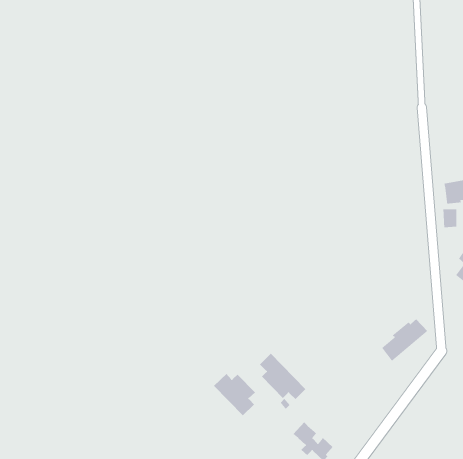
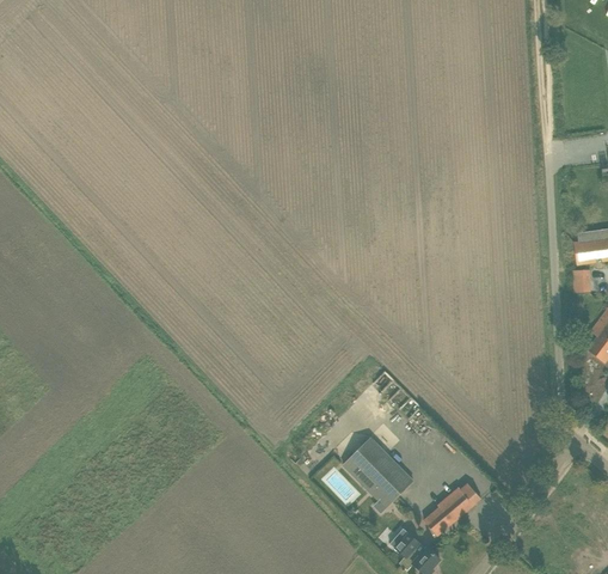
building: [381,319,428,362] -> [425,482,483,535]
building: [213,373,256,416] -> none

